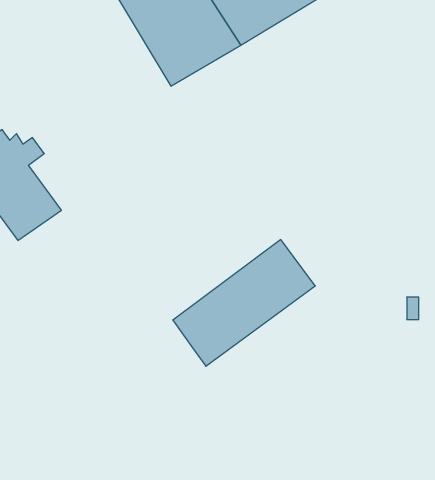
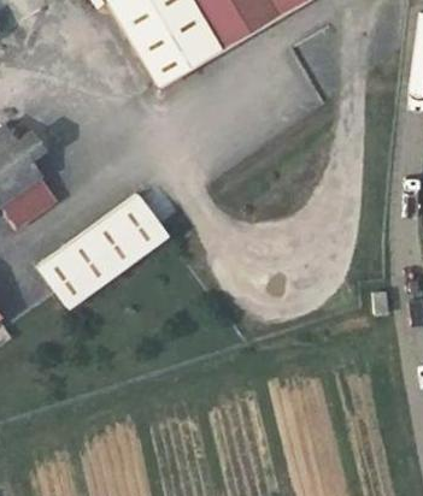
building: [173,240,315,366] -> [37,193,168,308]

